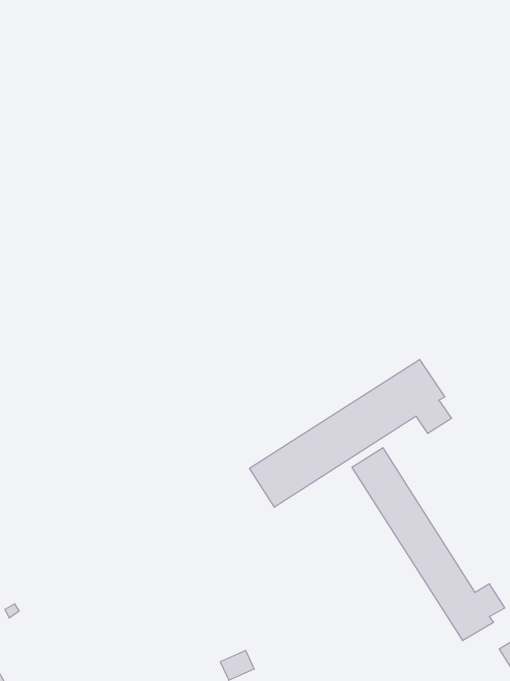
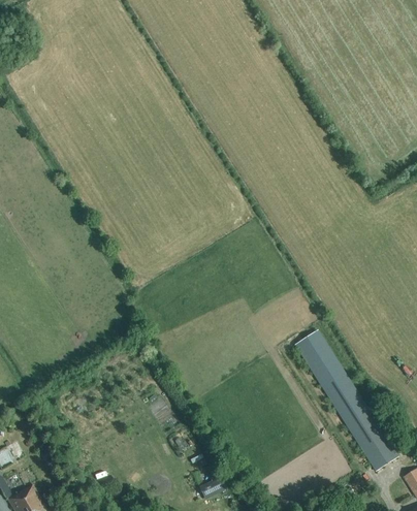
building: [249,359,452,507] -> none

